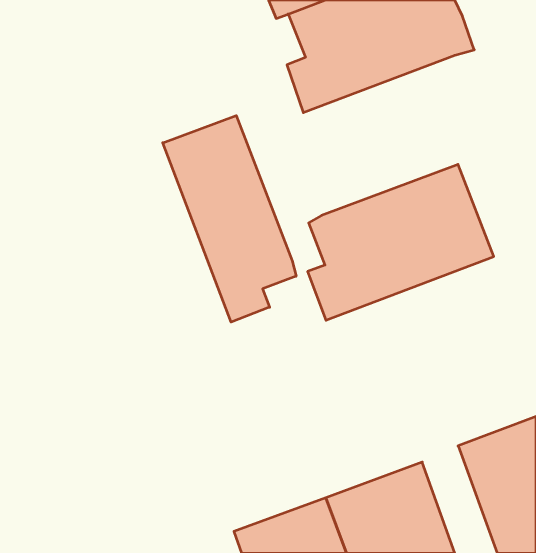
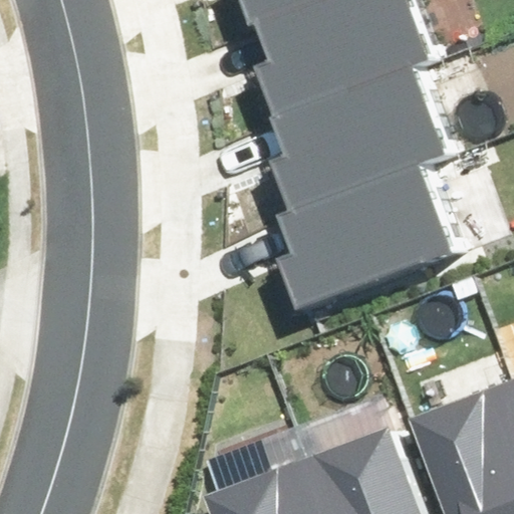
building: none -> [281,51,456,200]
building: [163,116,296,322] -> none

